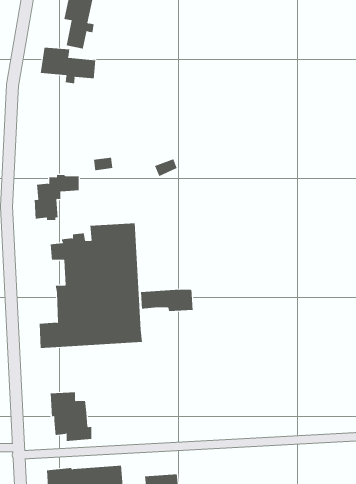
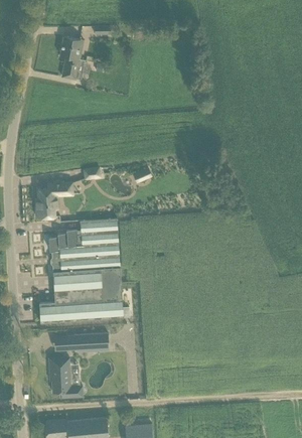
building: [40,47,96,84] -> none
building: [140,289,193,312] -> [64,332,108,350]

